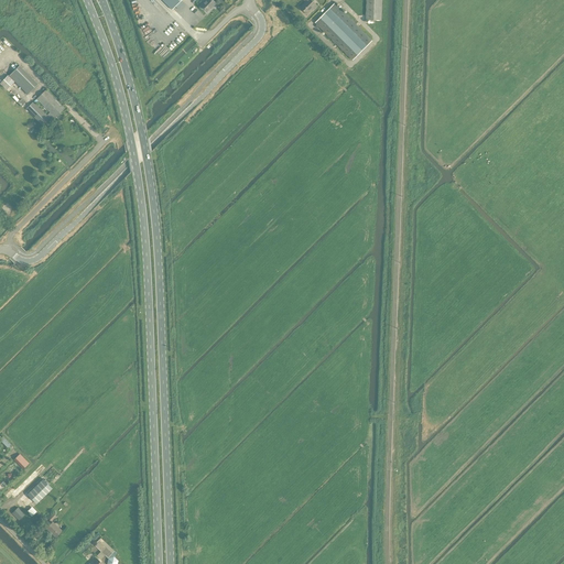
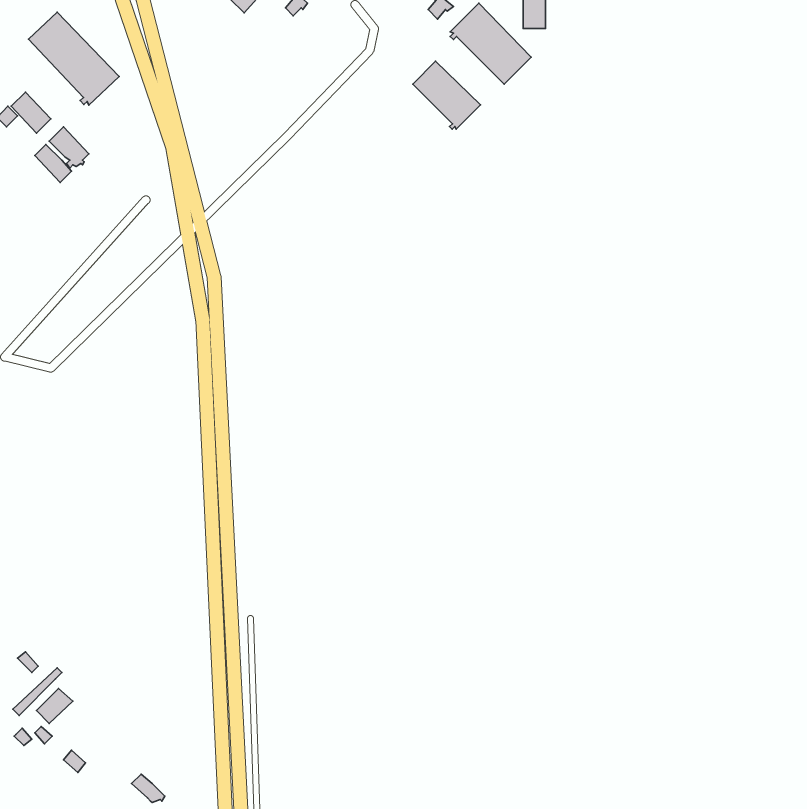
building: none -> [28,12,119,105]
building: none -> [413,61,481,129]

